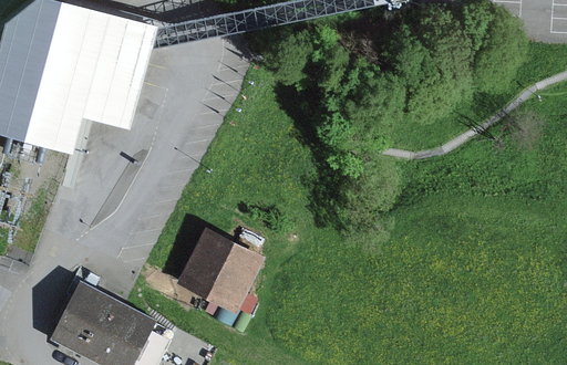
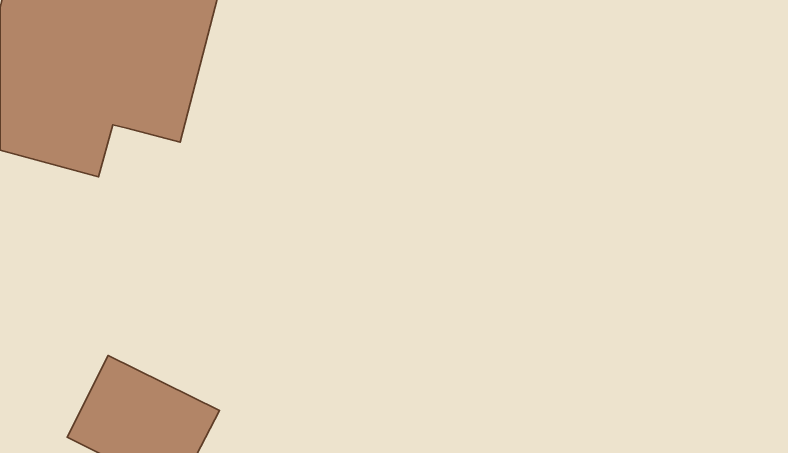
building: [176,227,264,312] -> none

